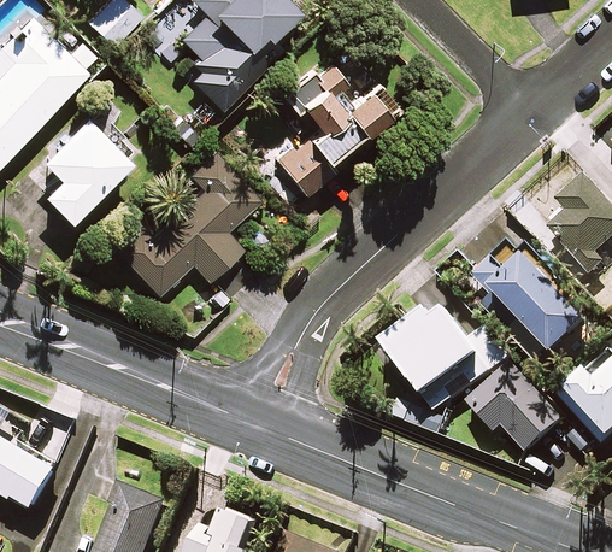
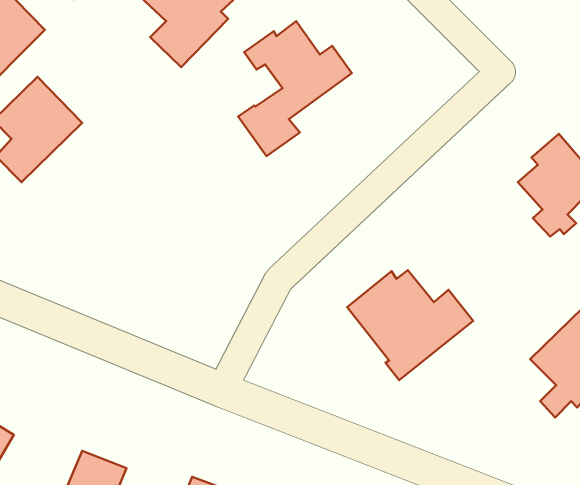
building: [112,152,260,298] -> none
building: [476,242,589,353] -> none
building: [470,362,565,451] -> none

